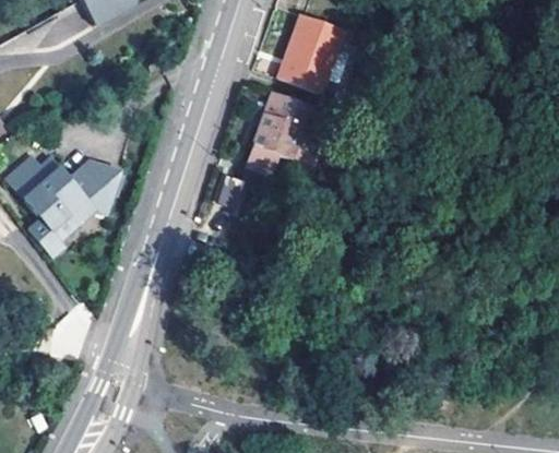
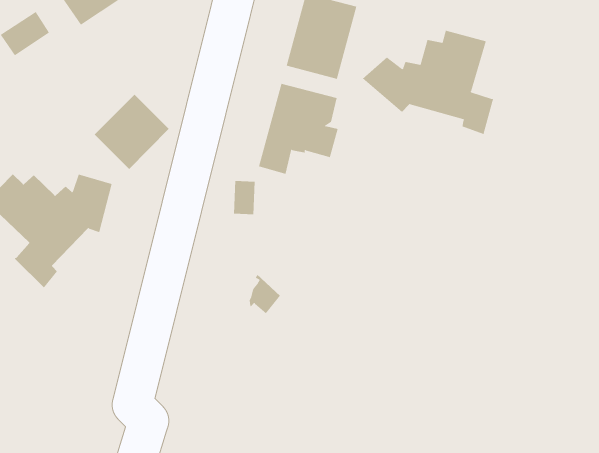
building: none -> [362,30,494,135]
building: none -> [94,94,170,170]

